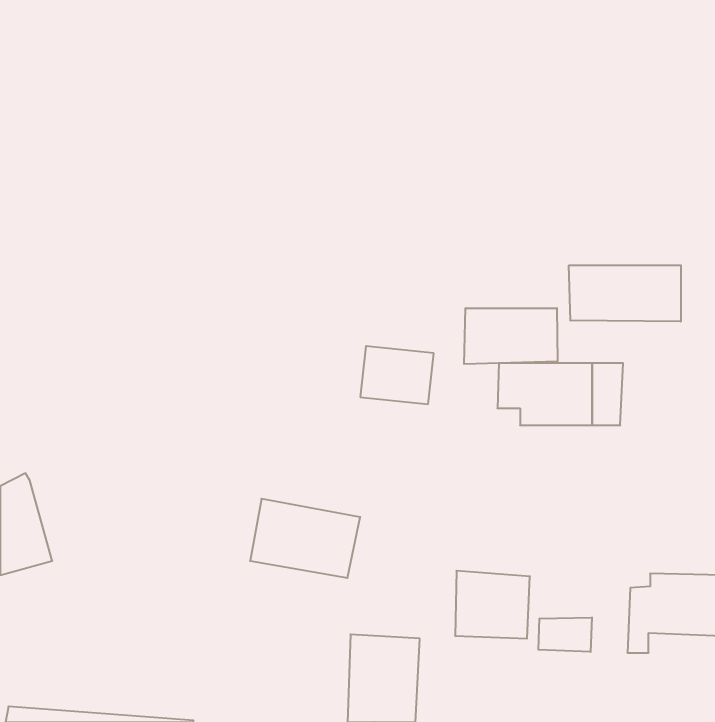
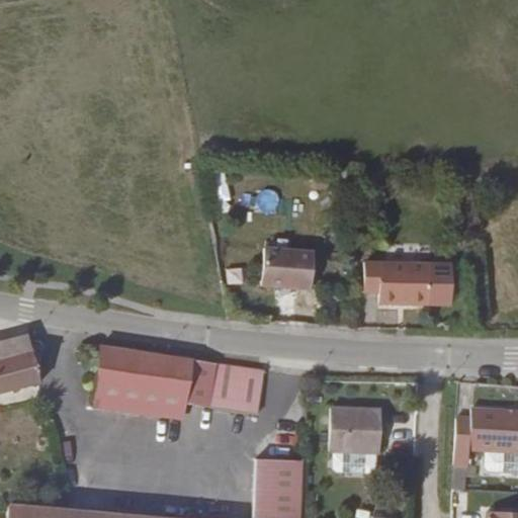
building: [569,265,681,322] -> none
building: [464,308,557,364] -> none
building: none -> [90,341,192,417]
building: [538,617,592,652] -> none

